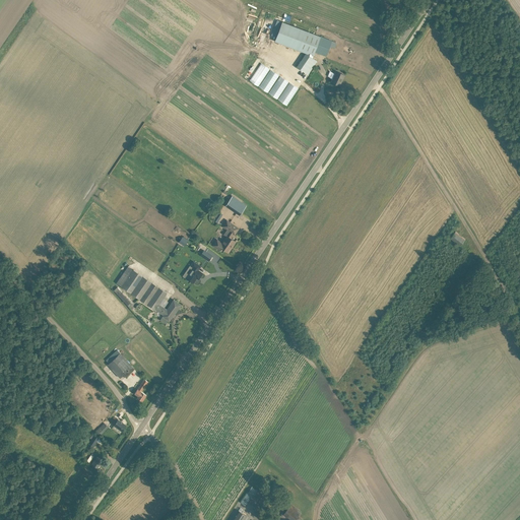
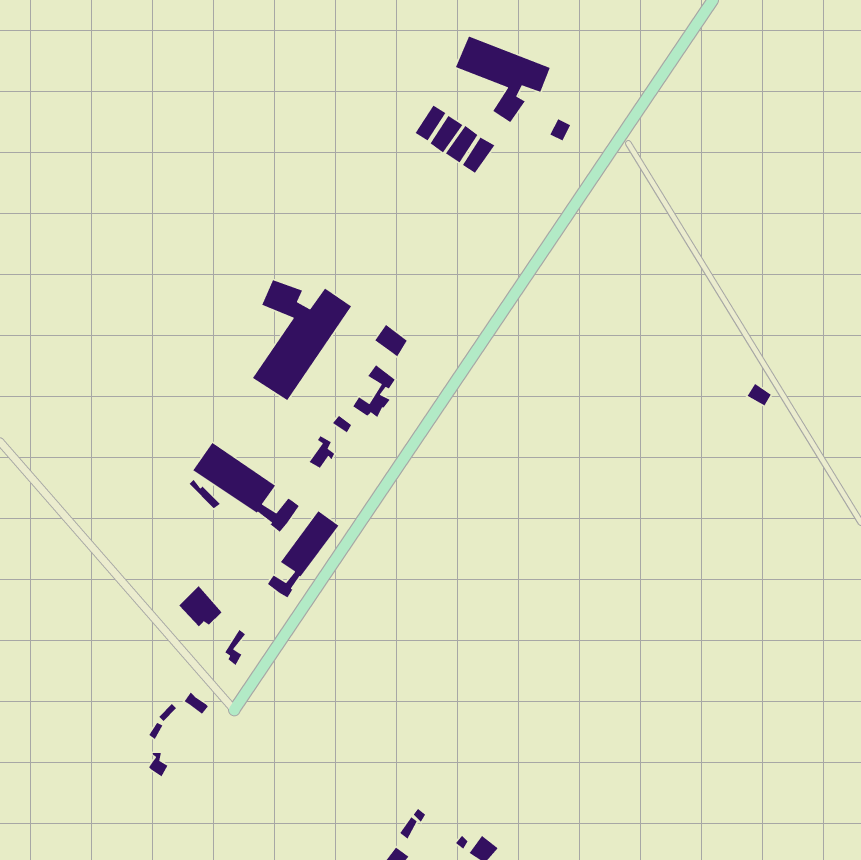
building: none -> [252,279,352,401]
building: none -> [267,510,340,598]

